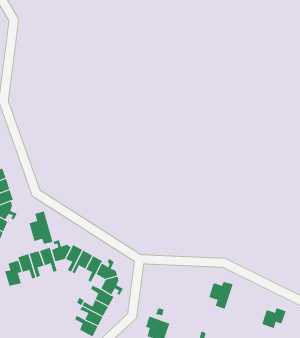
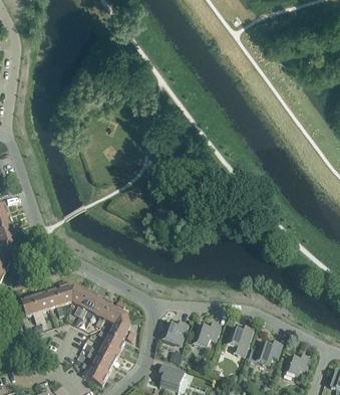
building: [29,210,53,245] -> none
building: [4,260,22,287] -> none
building: none -> [160,321,188,346]
building: none -> [192,323,220,347]
building: none -> [248,340,282,365]

